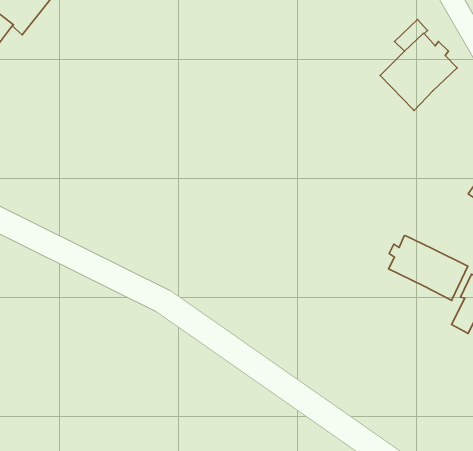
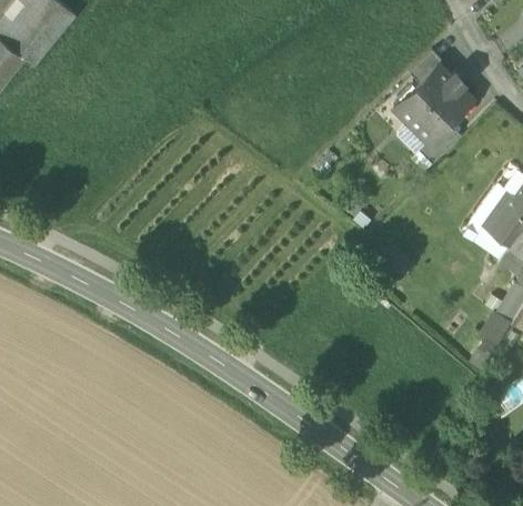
building: none -> [420,122,462,163]
building: [389,236,468,300] -> none

